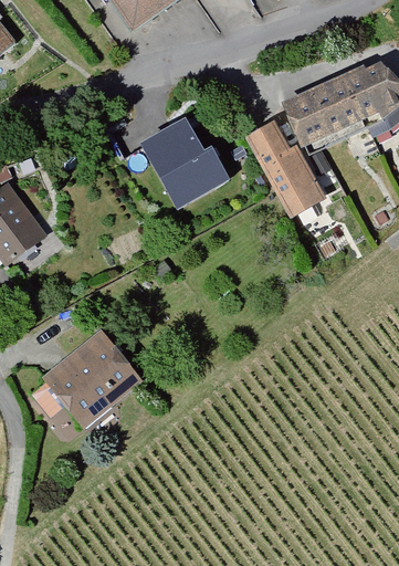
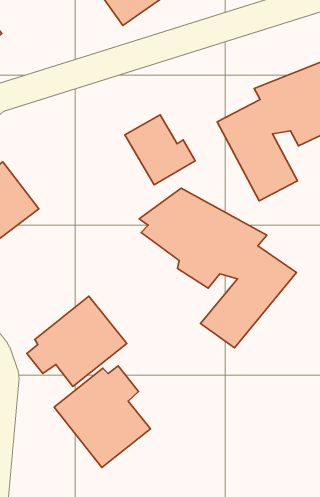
building: none -> [139,188,296,348]
building: none -> [54,366,151,468]

